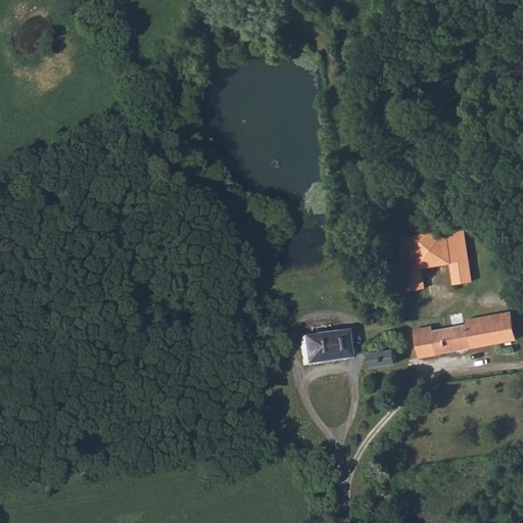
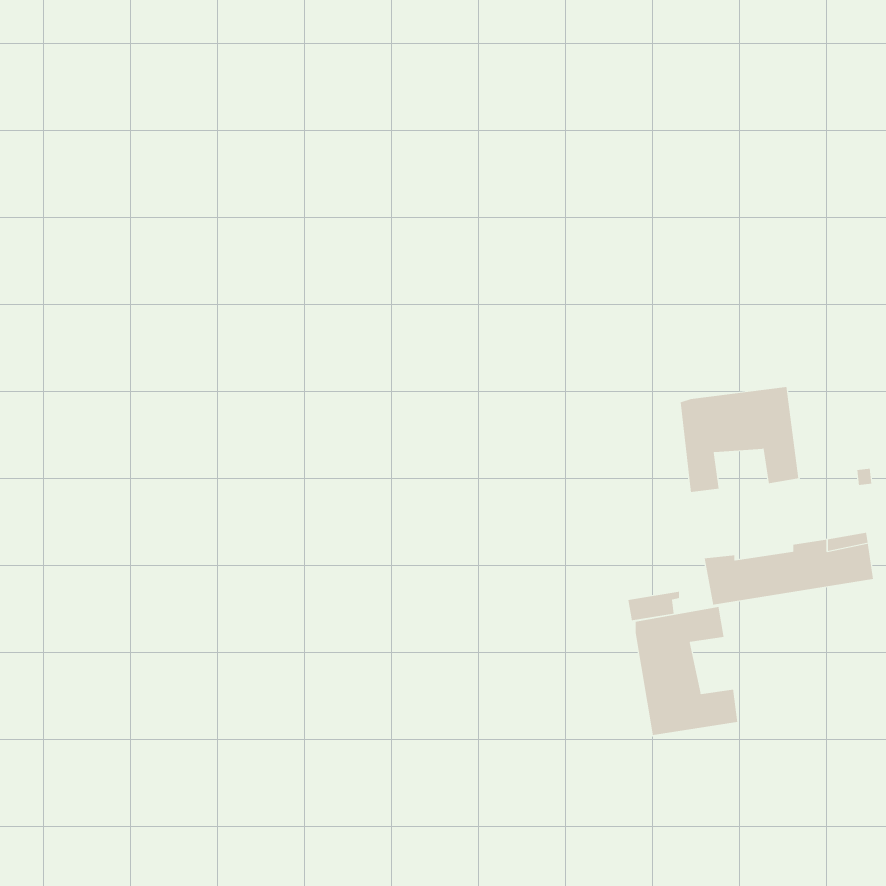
building: [300,331,347,364] -> none
building: none -> [635,606,738,736]

